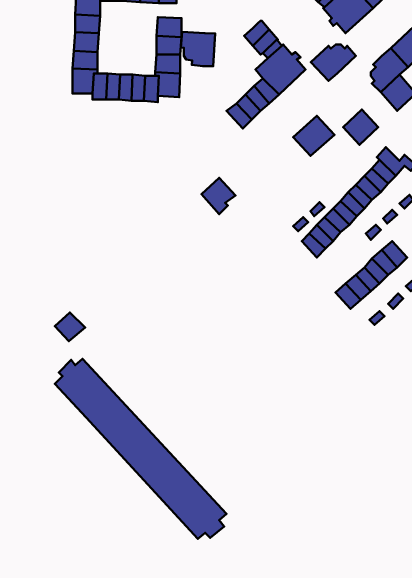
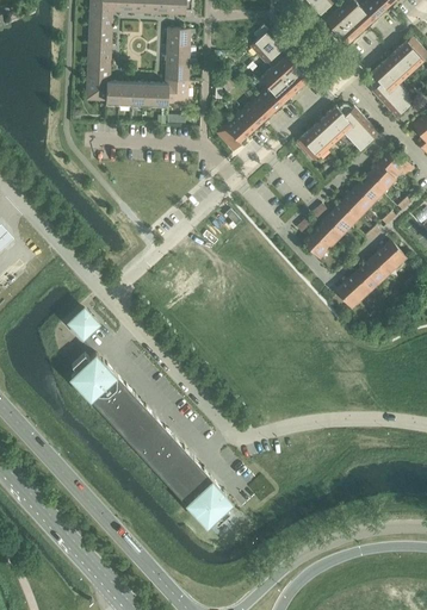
building: [181,32,215,66] -> none
building: [311,45,356,81] -> [318,105,361,139]
building: [202,178,235,214] -> [216,117,248,151]

